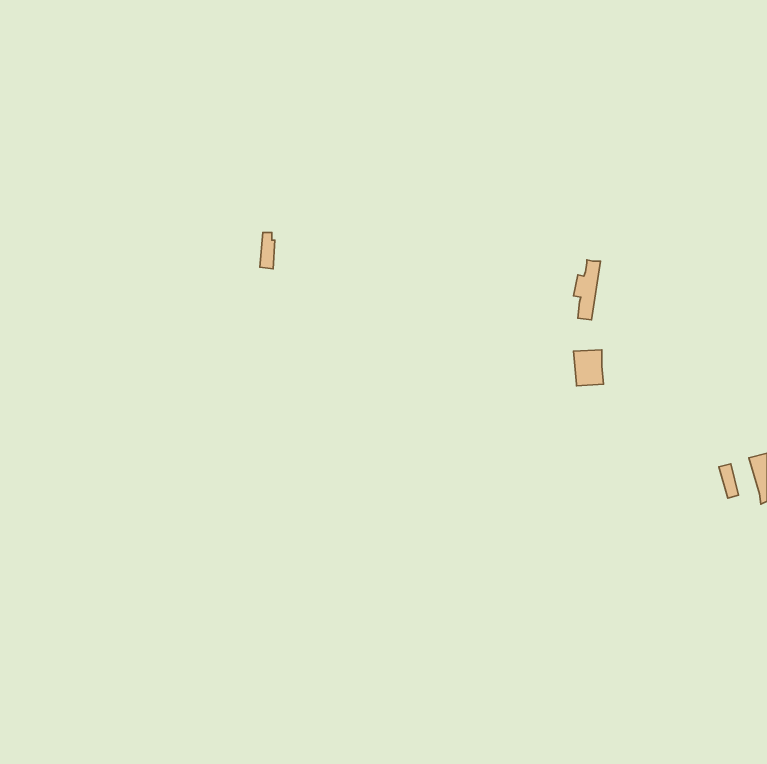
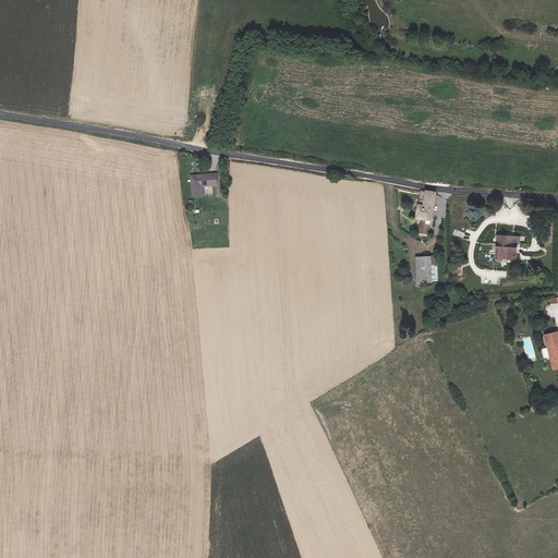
building: none -> [496,235,522,262]

